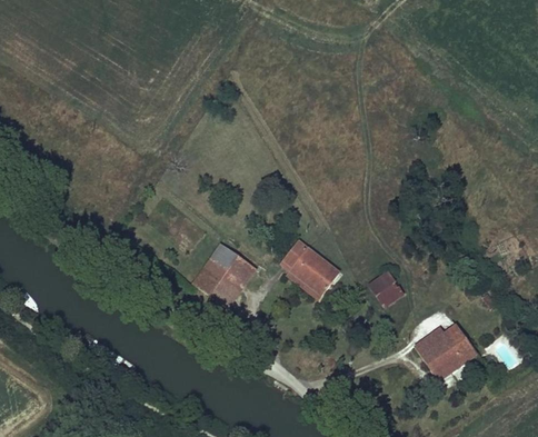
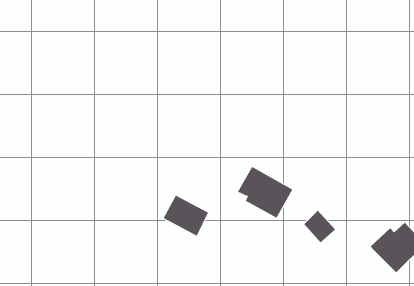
building: [211,244,255,282] -> none
building: [368,270,402,307] -> [304,210,336,243]

